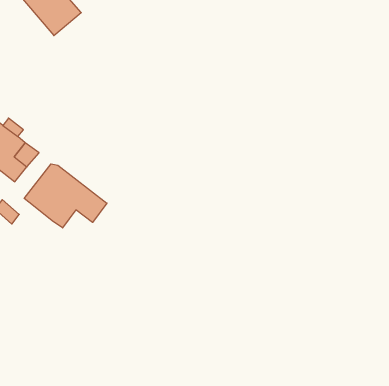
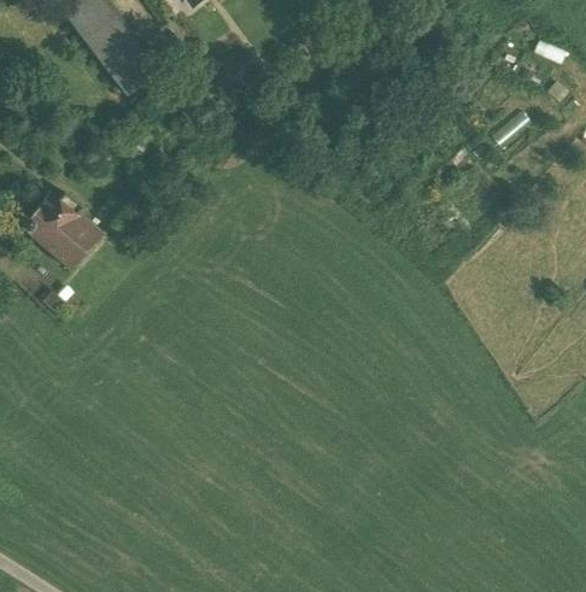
building: [24,164,107,228] -> none

